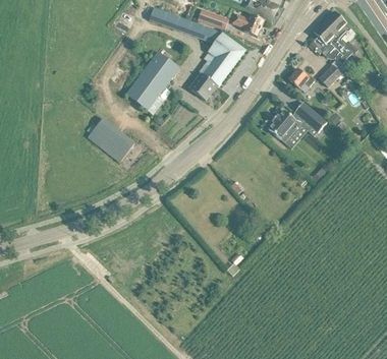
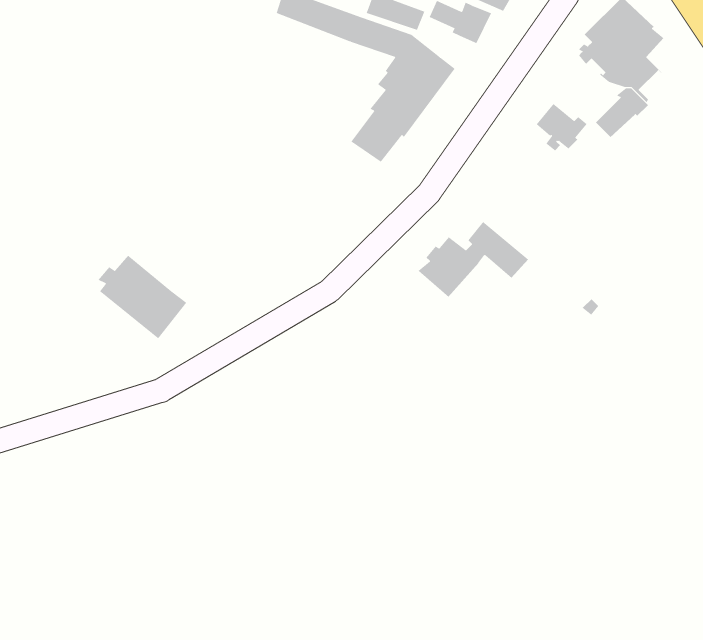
building: [125,52,179,110] -> none
building: [268,101,327,141] -> [418,221,529,298]
building: [87,116,134,161] -> [97,255,187,339]

